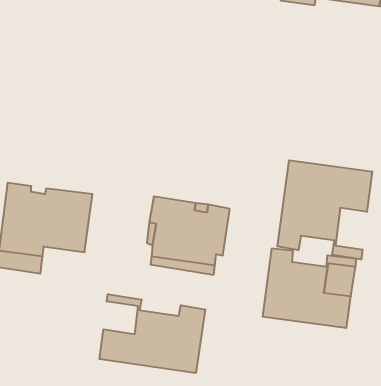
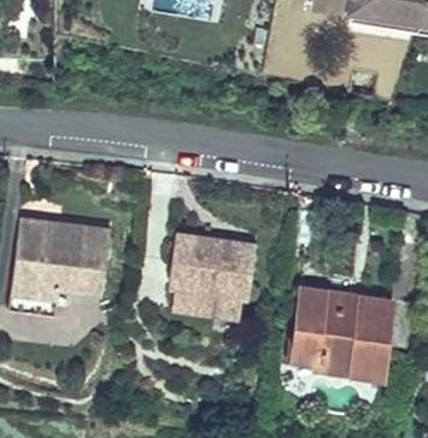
building: [277,160,372,260] -> none
building: [99,294,205,373] -> none

